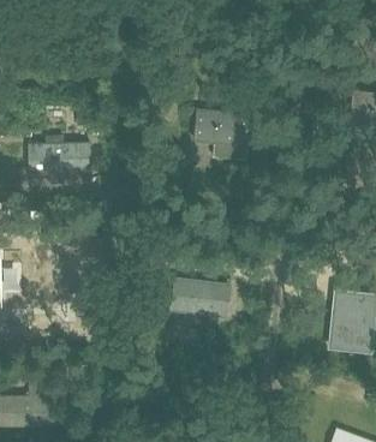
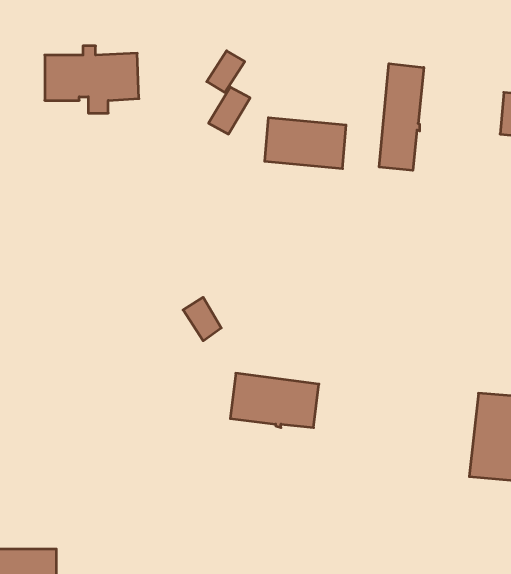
building: none -> [379,64,424,170]
building: [28,138,90,183] -> [45,46,139,113]

